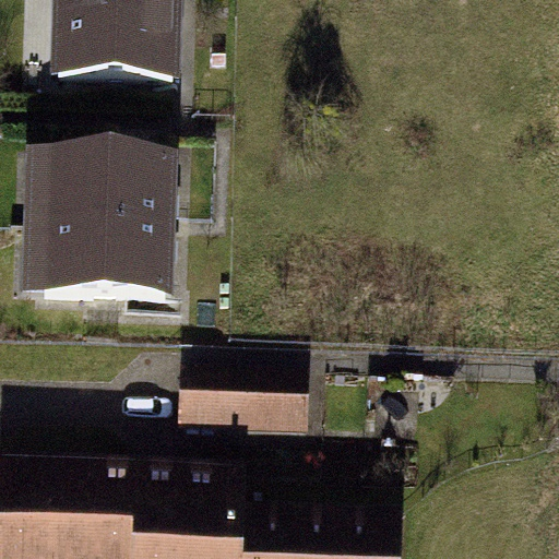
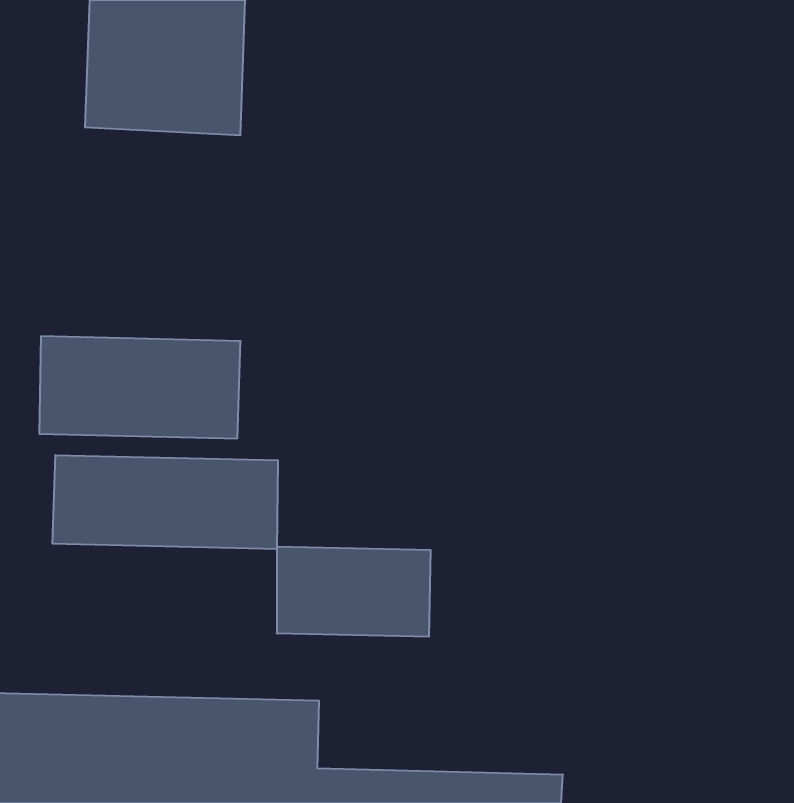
building: [28,164,168,237] -> none
building: none -> [53,455,278,549]

